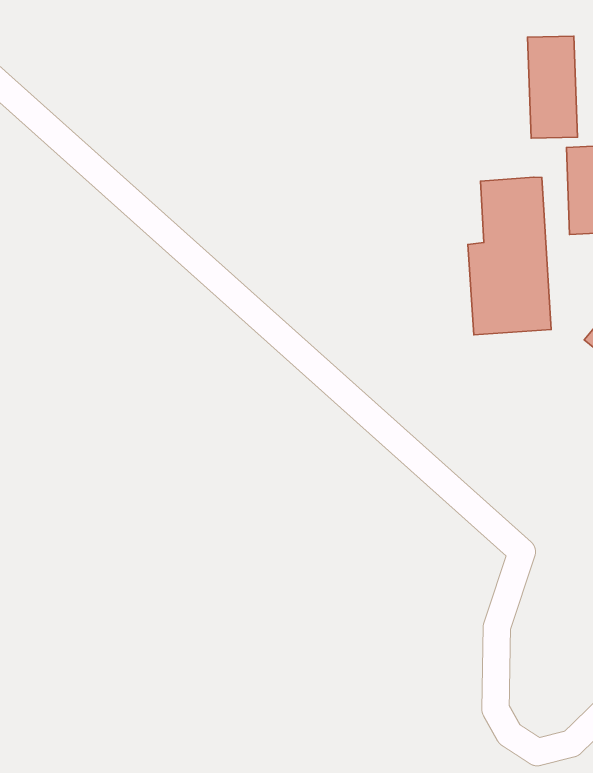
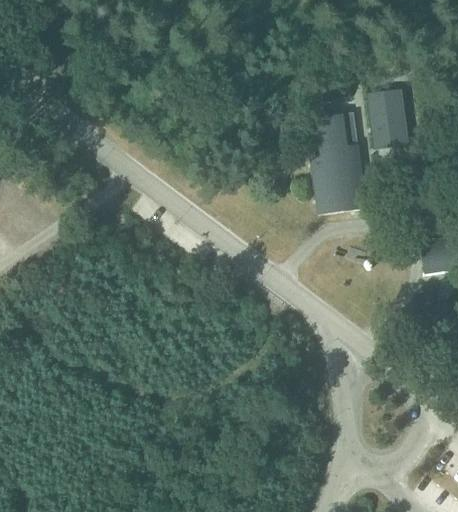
building: [527,36,577,138] -> none

